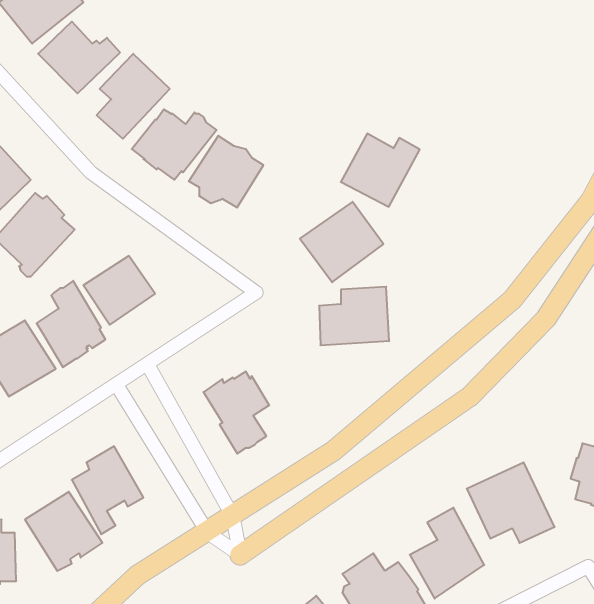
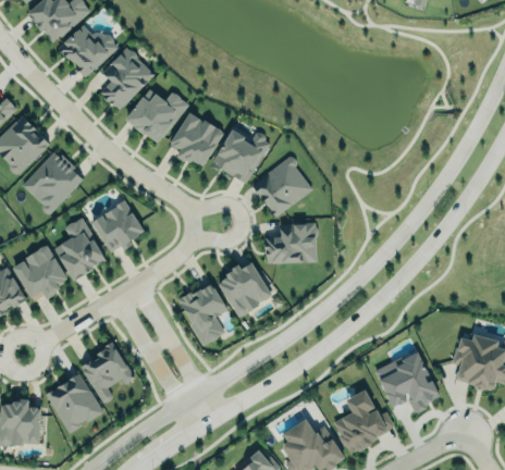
building: [341,134,420,207] -> [211,129,270,184]
building: none -> [217,262,272,317]

